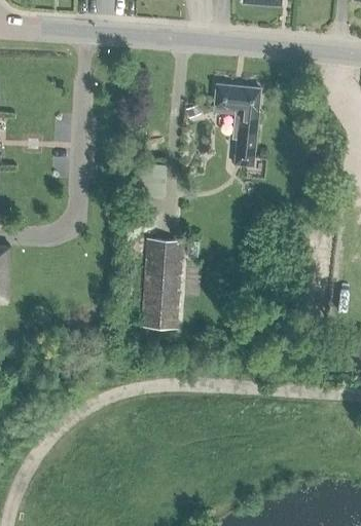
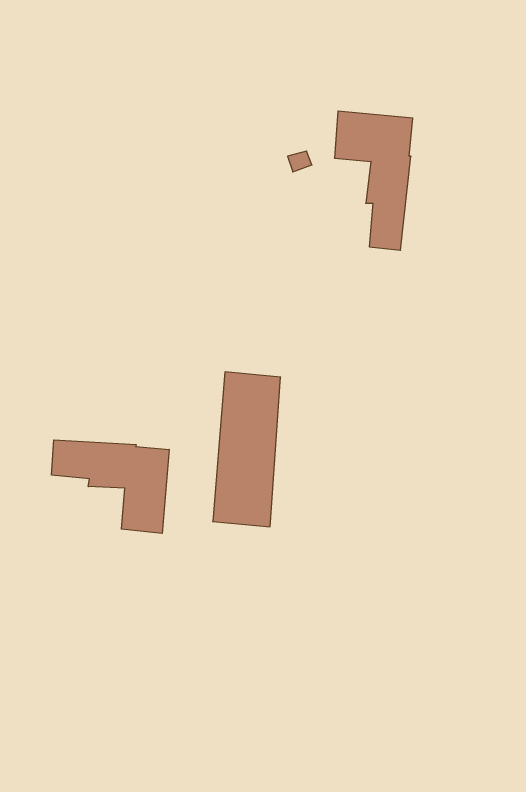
building: none -> [52,440,169,533]

